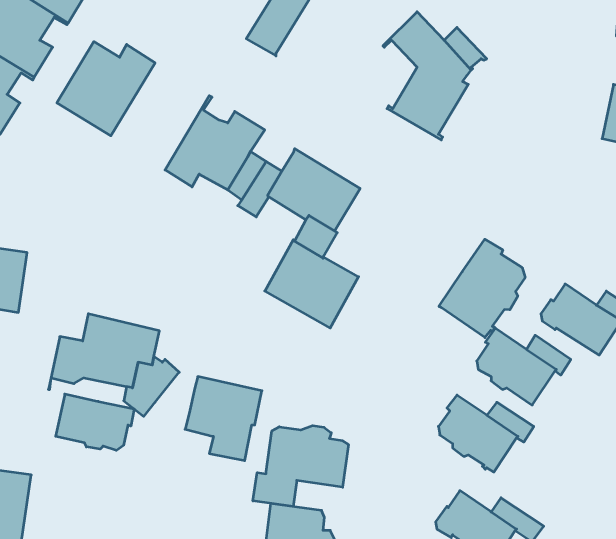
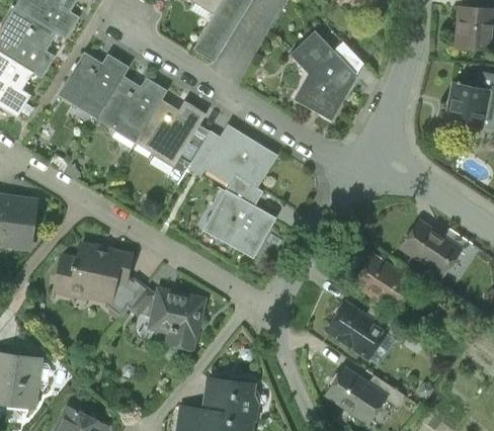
building: none -> [96,67,166,143]
building: [439,239,525,338] -> none
building: none -> [128,286,156,316]
building: [56,394,134,450] -> none
building: [253,426,348,506] -> none

